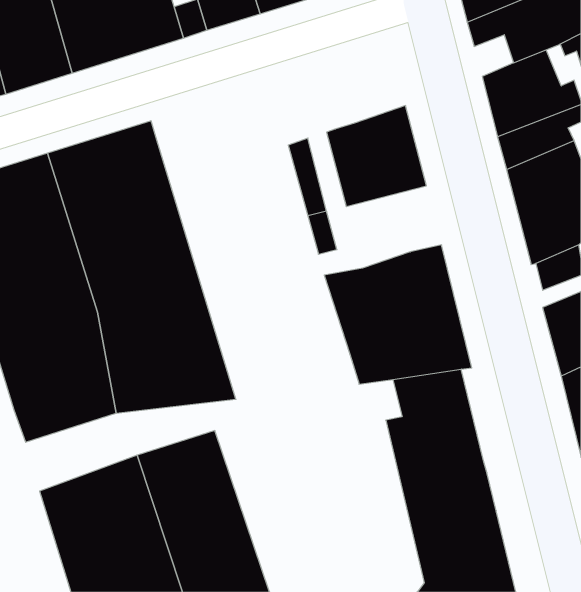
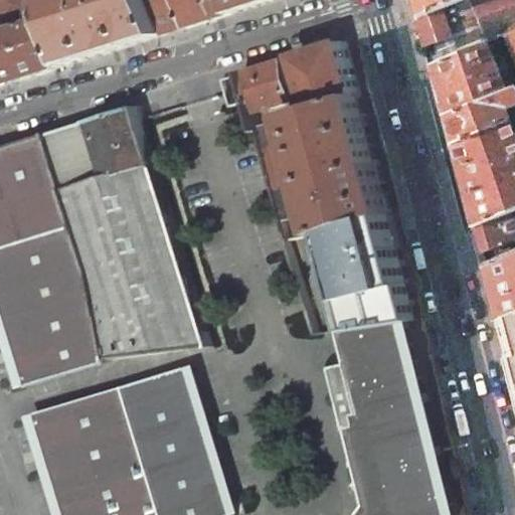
building: none -> [290,40,351,107]
building: none -> [235,59,288,113]
building: none -> [300,161,382,232]

